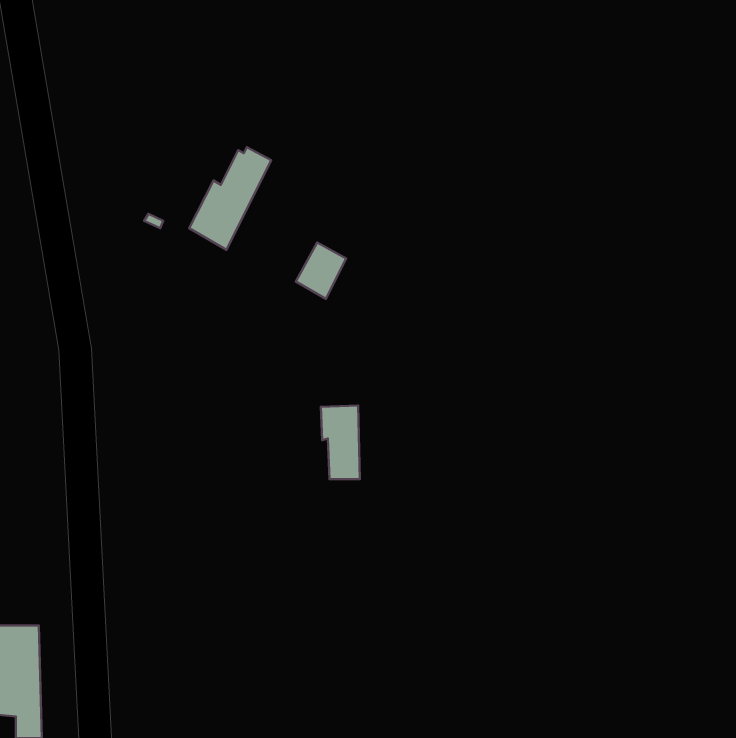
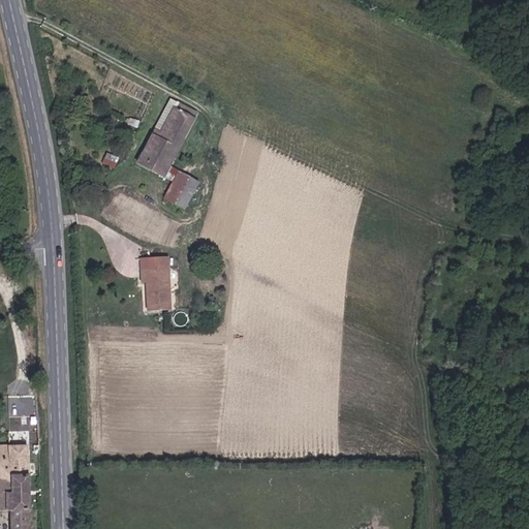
building: [296,243,346,299] -> [162,172,198,212]
building: [321,405,360,479] -> [143,254,170,307]

